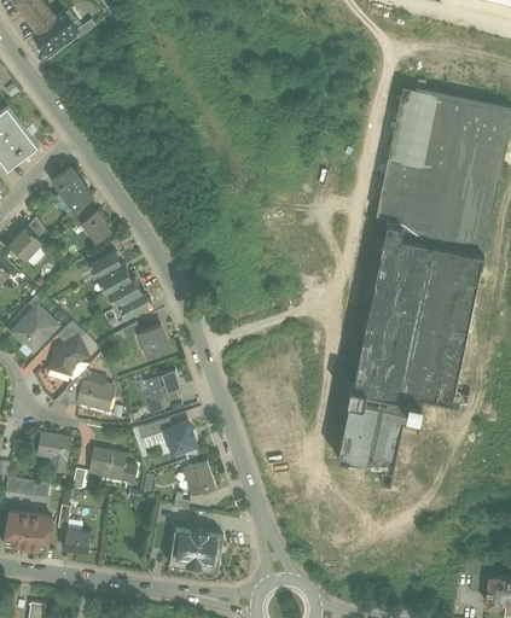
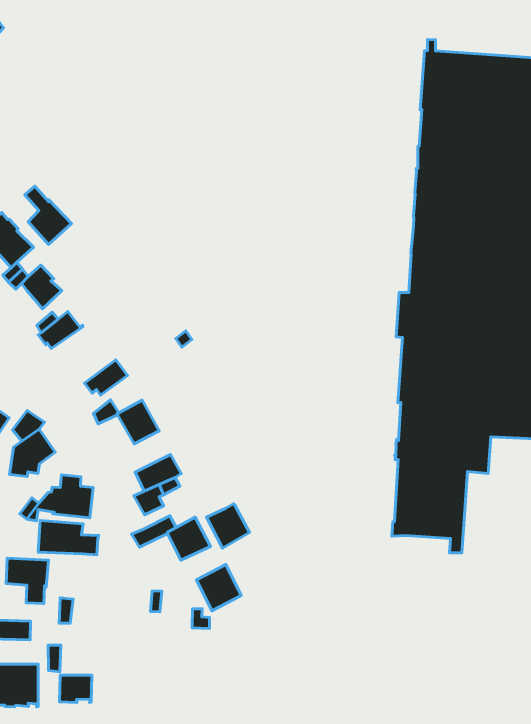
building: none -> [25,186,72,244]
building: [95,263,144,307] -> none
building: none -> [207,504,249,548]
building: [88,448,137,480] -> [38,520,99,555]
building: [168,526,222,572] -> none

